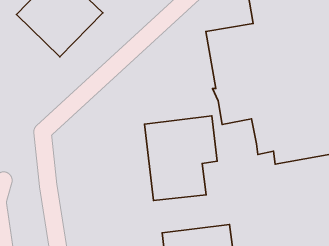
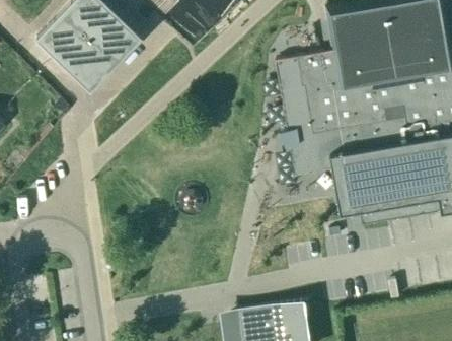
building: [144,116,217,200] -> none

